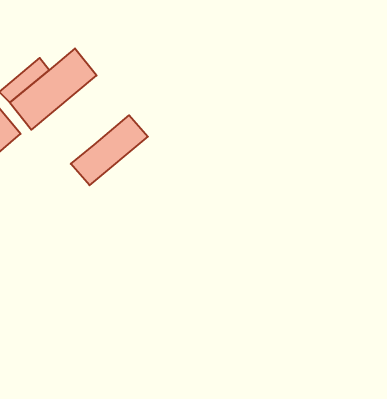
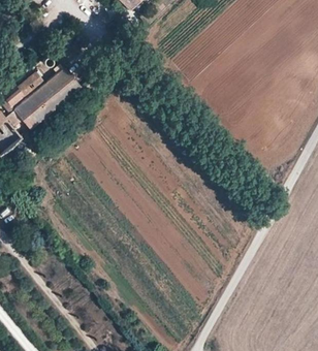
building: [71,115,148,185] -> none

